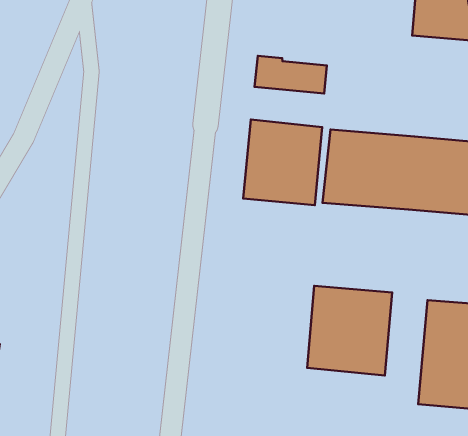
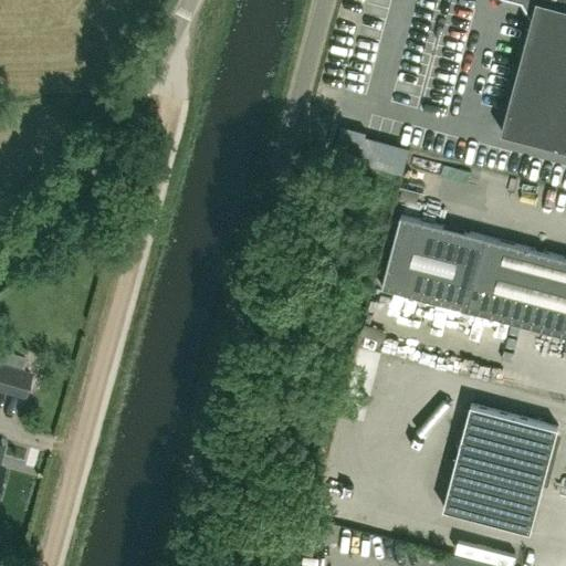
building: [243,120,322,205] -> none
building: [307,286,392,375] -> none

